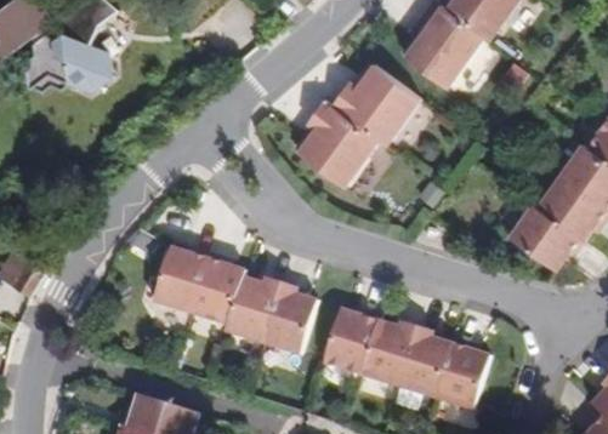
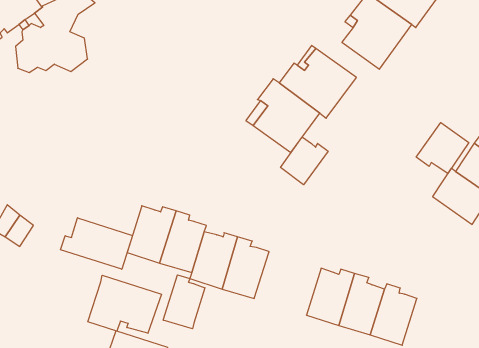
building: none -> [416,123,469,173]
building: none -> [281,137,328,185]
building: none -> [61,218,132,269]
building: [324,308,381,375] -> none
building: none -> [163,275,205,329]
building: none -> [88,275,162,333]

